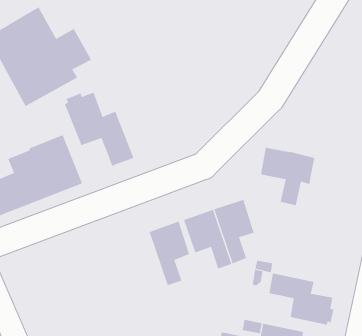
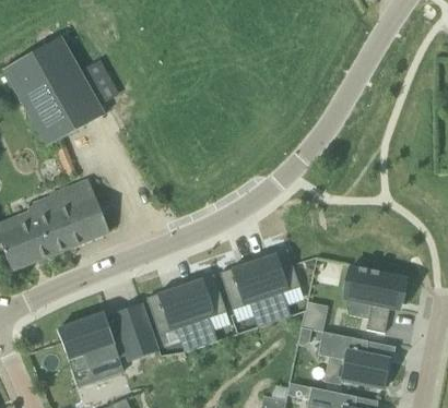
building: [64,92,134,167] -> none
building: [260,147,315,206] -> [343,267,404,333]
building: none -> [149,285,203,350]
building: none -> [57,303,157,380]

